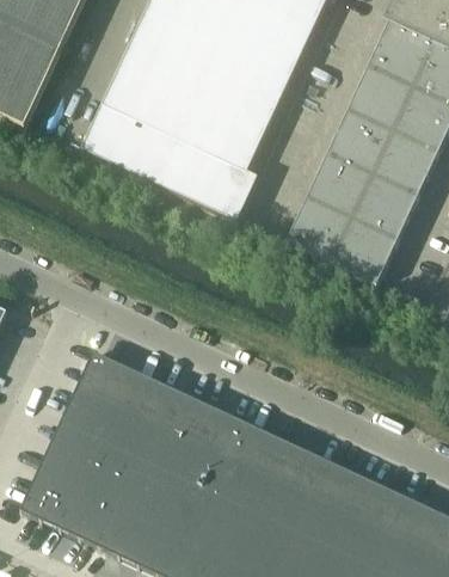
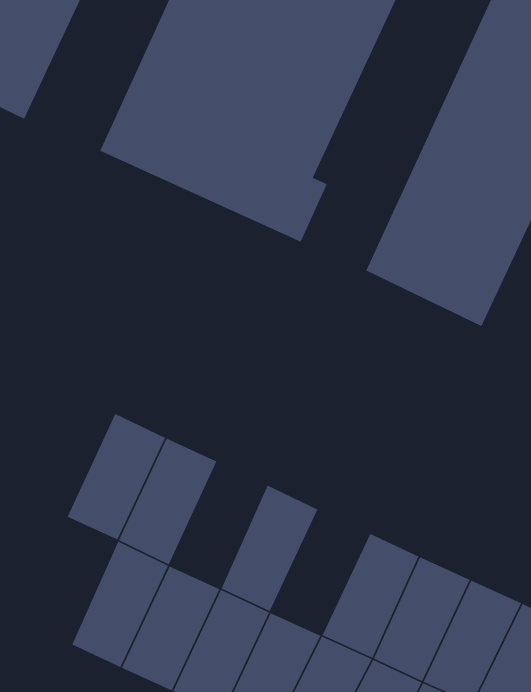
building: [135,387,210,485] -> none
building: [213,424,289,521] -> none
building: [19,430,96,528] -> none

